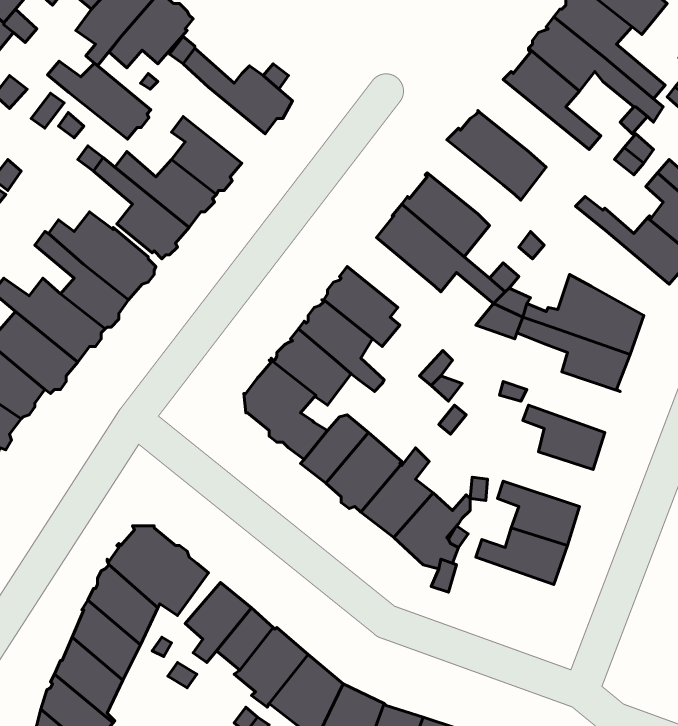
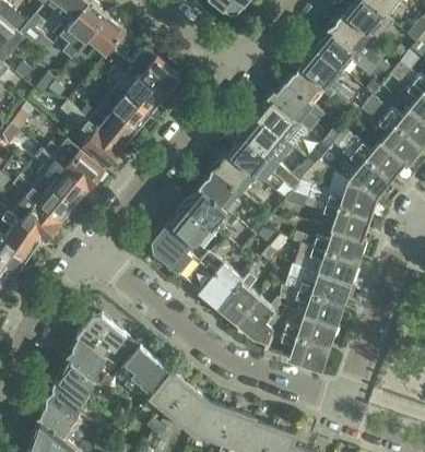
building: [48,61,151,139] -> [107,69,165,112]
building: none -> [285,66,346,111]
building: none -> [256,99,305,147]
building: none -> [333,136,391,198]
building: none -> [211,154,253,193]
building: none -> [312,229,364,263]
building: none -> [298,274,349,305]
building: none -> [280,333,327,369]

